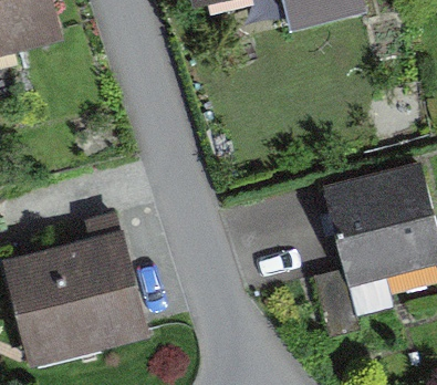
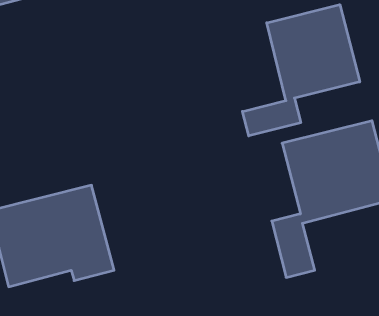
building: none -> [242,5,360,136]

